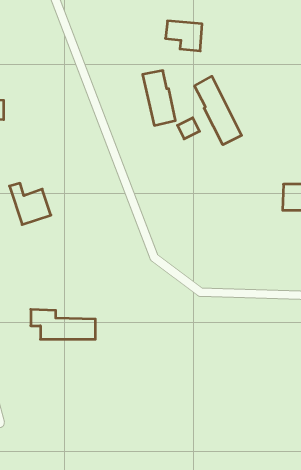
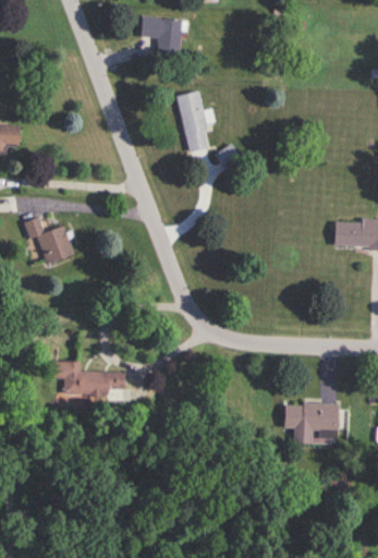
building: [165,21,202,51] -> [141,16,182,50]
building: [195,76,242,145] -> none
building: none -> [284,402,338,445]

